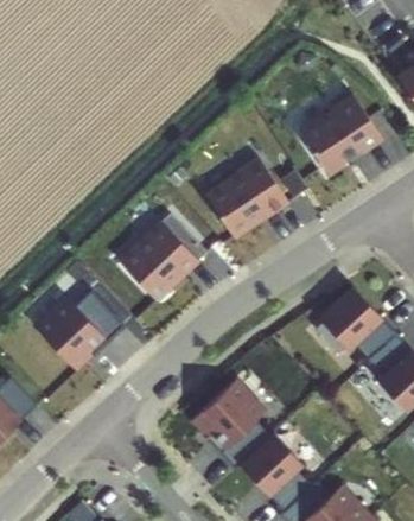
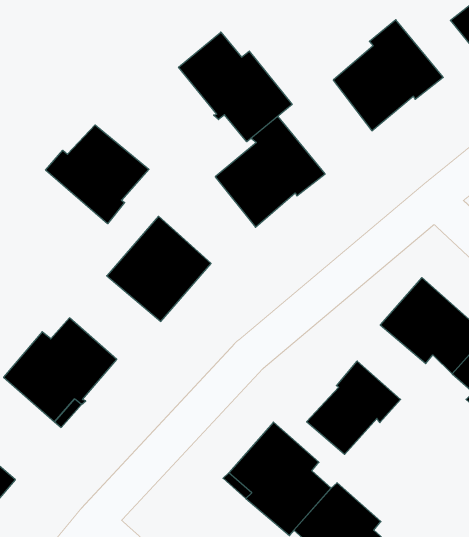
building: none -> [179,32,292,142]
building: none -> [46,125,149,224]
building: none -> [307,361,401,454]

